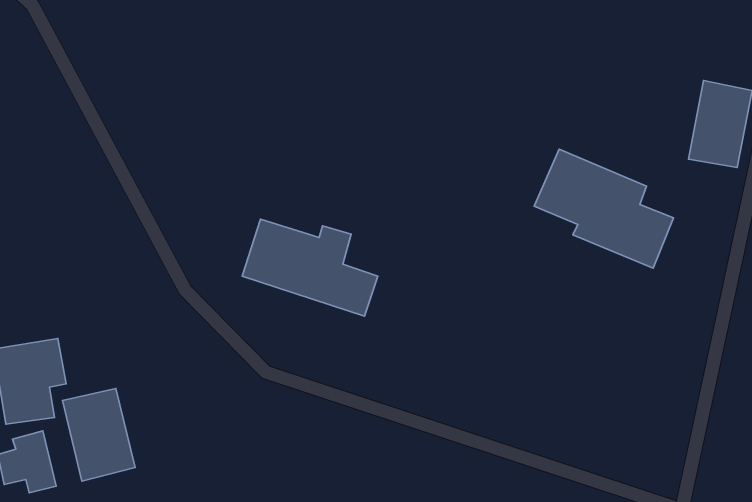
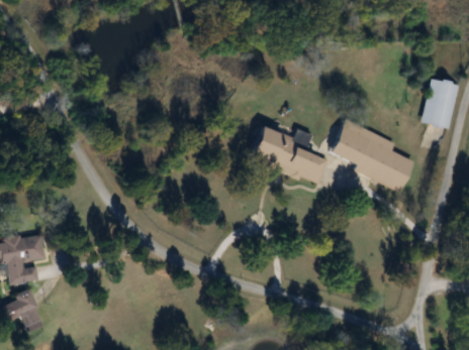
building: [242,219,378,316] -> [246,125,327,184]
building: [62,389,135,481] -> none

